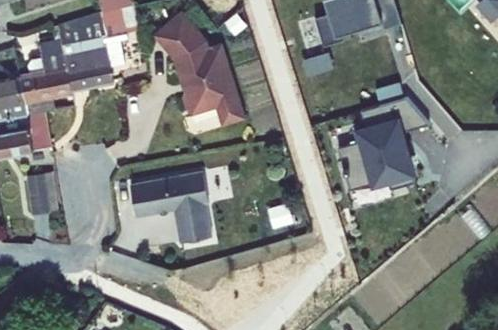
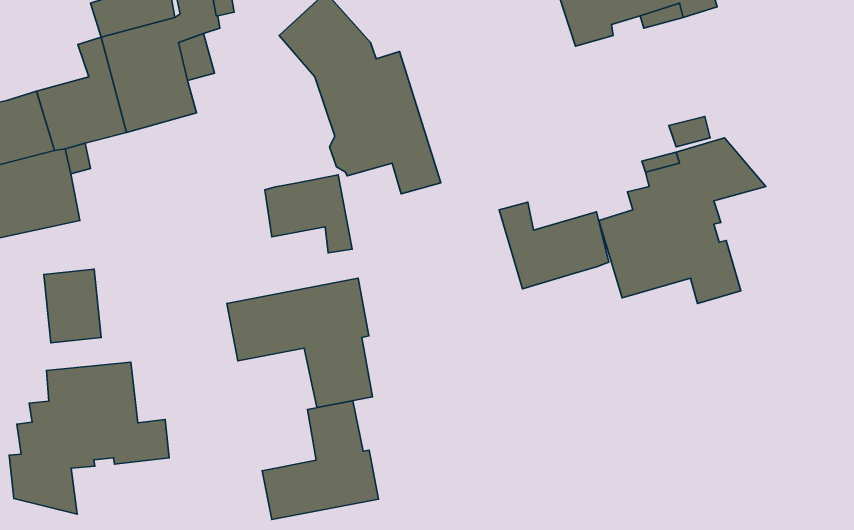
building: none -> [265,175,352,253]
building: none -> [499,202,609,289]
building: none -> [9,362,169,514]
building: none -> [262,401,379,520]

